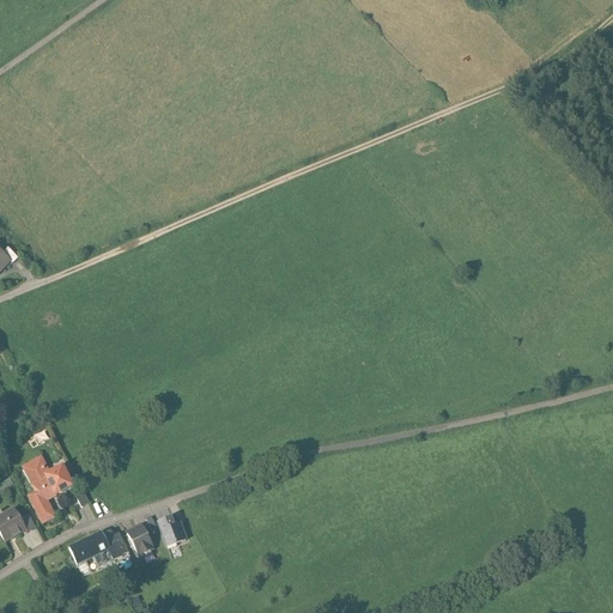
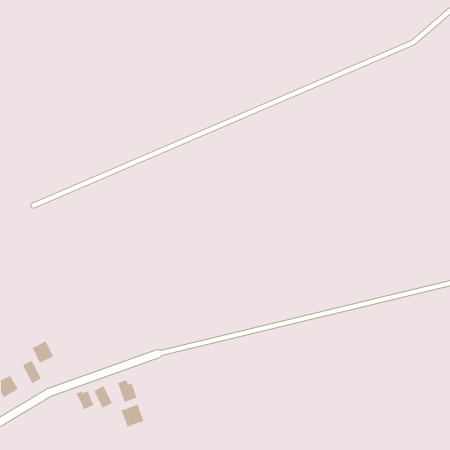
building: [23,456,54,497] -> none
building: [69,530,110,563] -> none
building: none -> [121,404,144,428]

